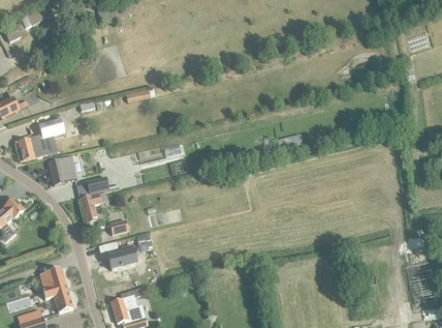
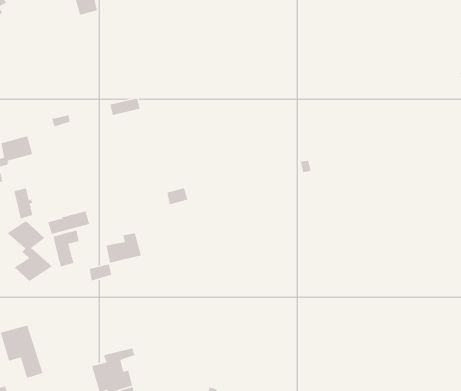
building: none -> [6,220,53,282]
building: [107,245,136,270] -> [106,232,142,263]

